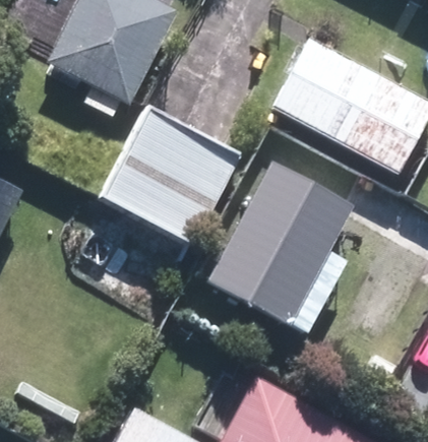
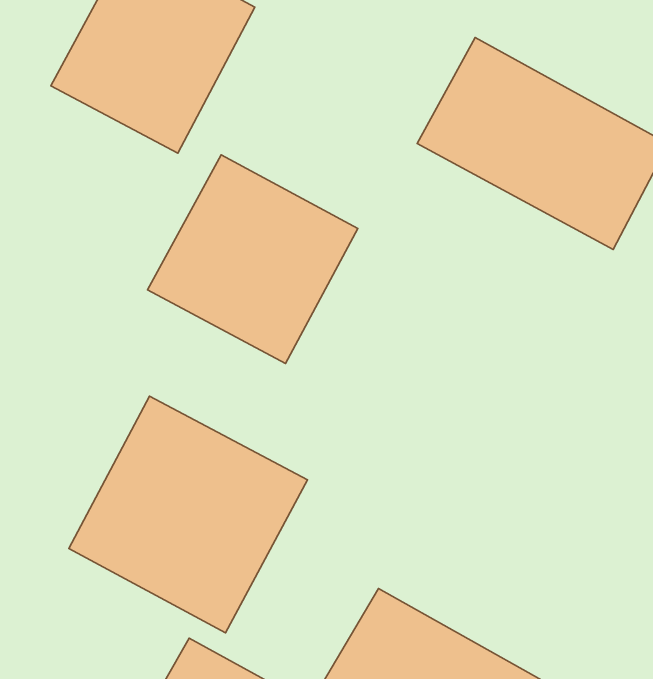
building: [212,161,355,320] -> none
building: none -> [69,396,308,633]

